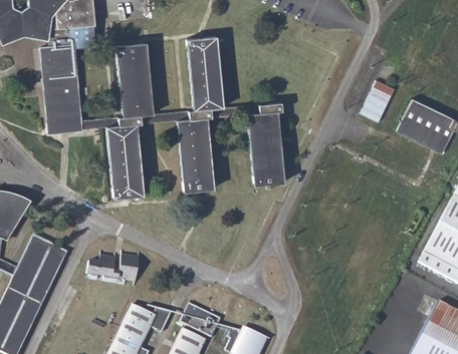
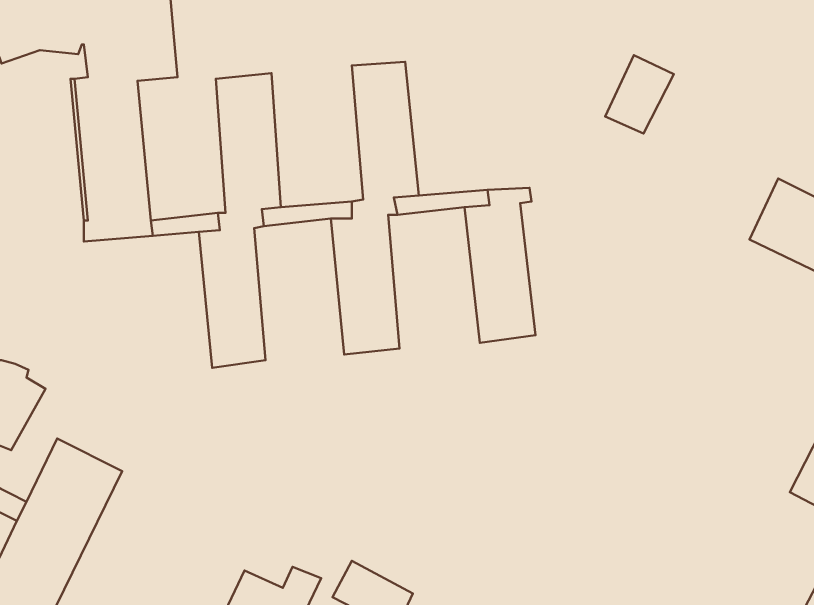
building: [360,80,396,121] -> [605,55,674,134]
building: [85,253,140,282] -> none

